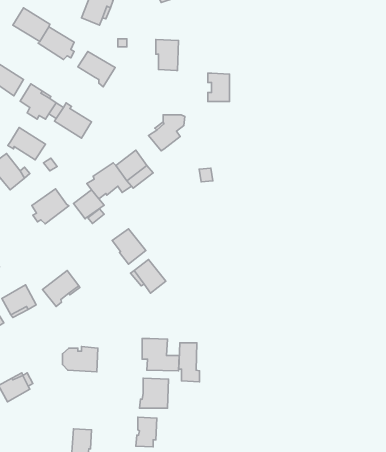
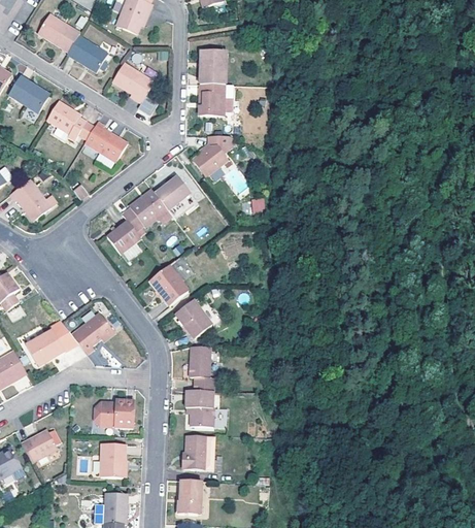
building: [208,73,230,101] -> [199,84,224,116]
building: [8,127,45,160] -> none
building: [32,189,69,224] -> none
building: [179,343,200,382] -> [190,346,213,391]
building: none -> [100,442,125,477]

